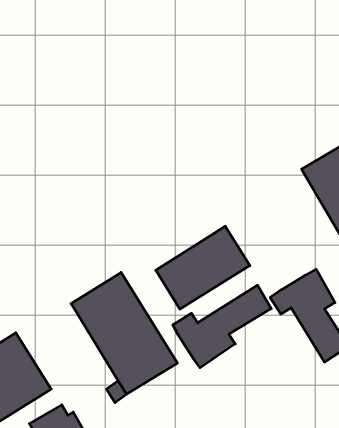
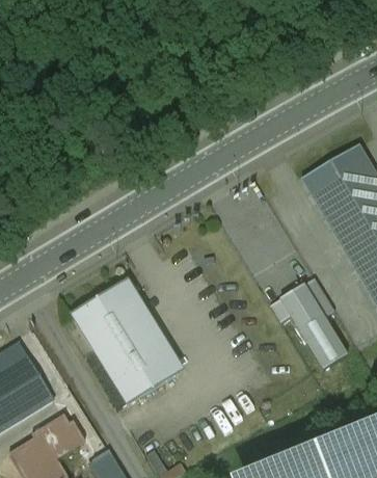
building: [156,226,250,309] -> none
building: [173,285,271,368] -> none

